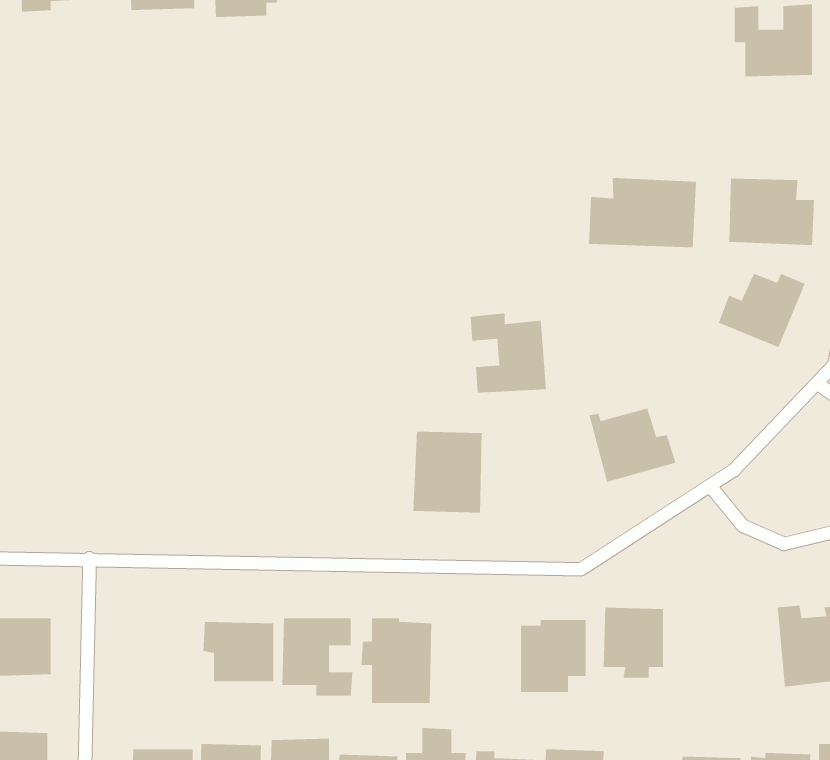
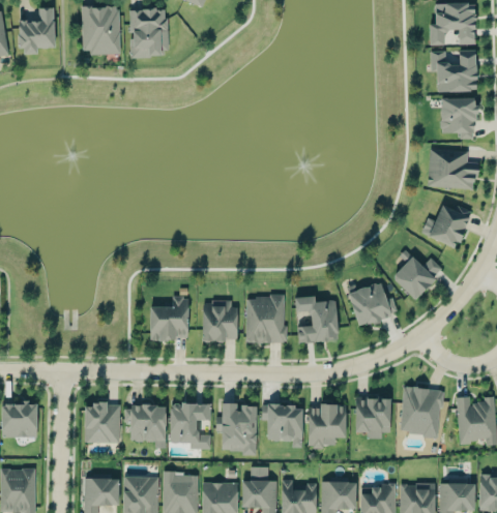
building: none -> [440,97,476,140]
building: [588,177,697,248] -> none
building: [470,313,547,393] -> [294,296,339,342]
building: none -> [392,250,443,299]
building: none -> [150,297,188,340]
building: none -> [202,301,237,341]
building: none -> [401,387,441,435]
building: none -> [84,403,120,444]
building: none -> [262,404,302,448]

